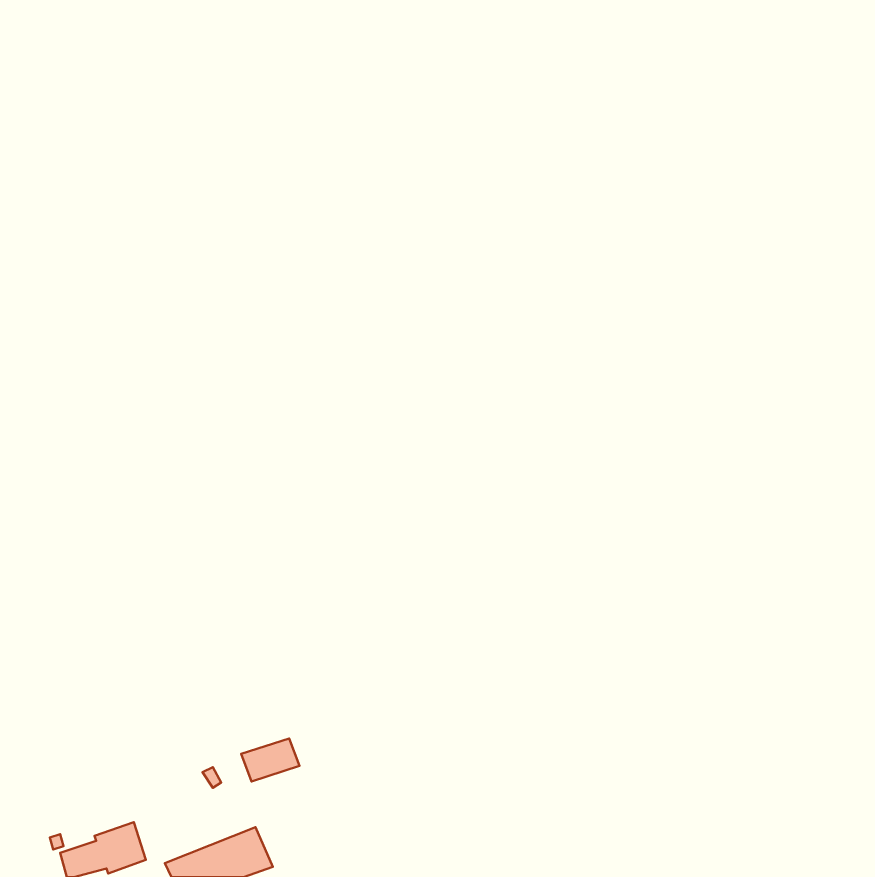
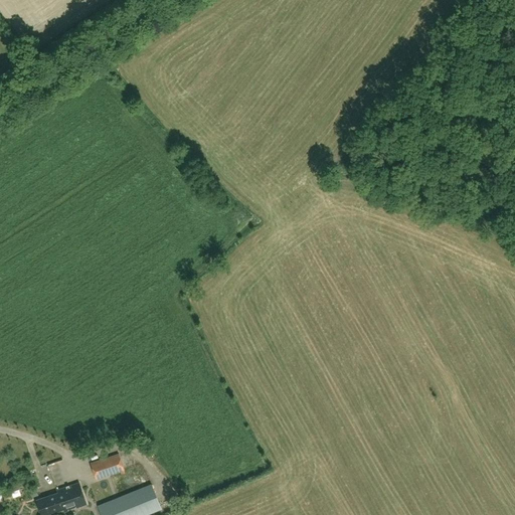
building: [241,739,299,781] -> [89,454,123,479]

